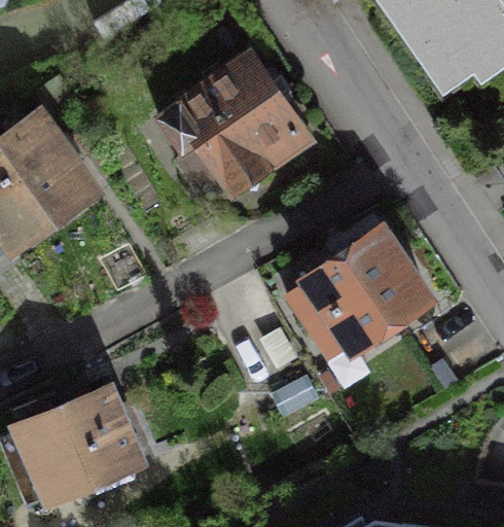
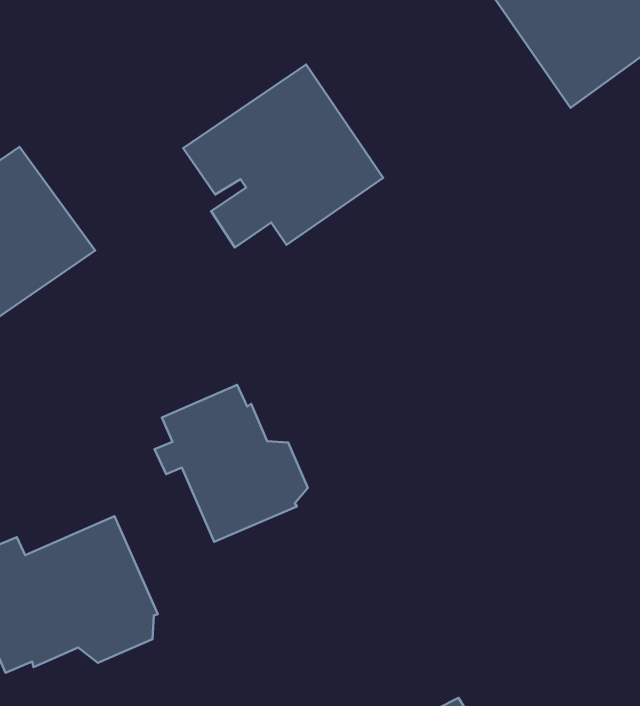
building: [291,226,433,356] -> none
building: none -> [155,385,308,542]

